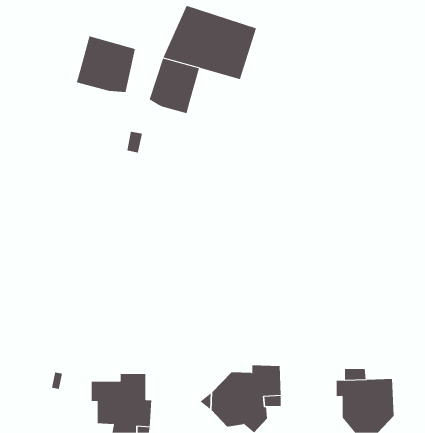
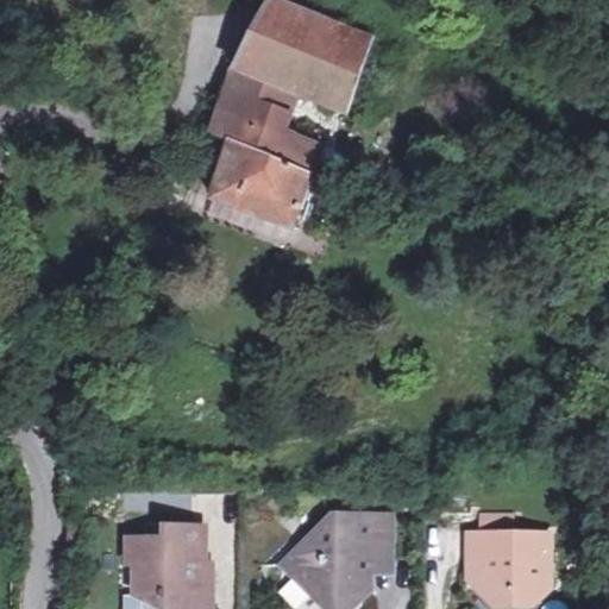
building: [76,36,136,93] -> none
building: none -> [203,142,309,238]

